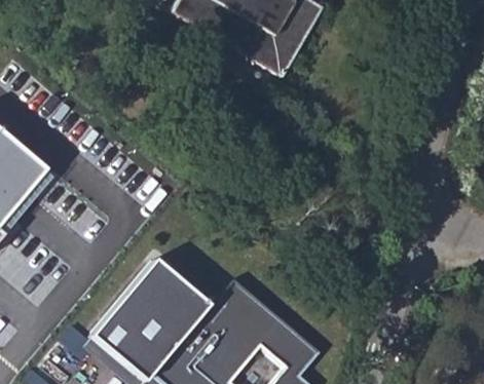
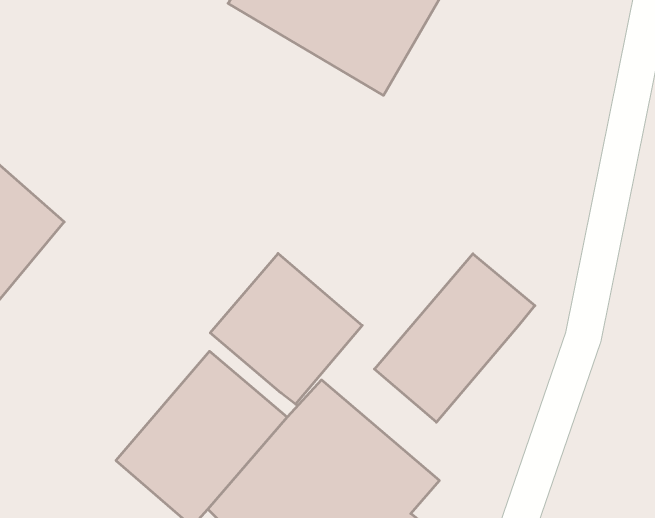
building: none -> [210,253,362,404]
building: none -> [374,254,535,422]

